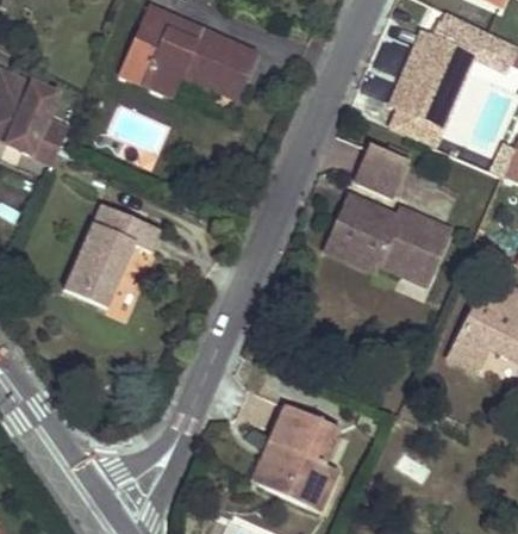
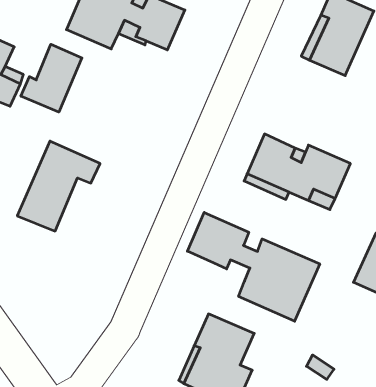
building: none -> [21,44,82,112]
building: [357,144,406,192] -> none
building: none -> [187,212,320,321]

